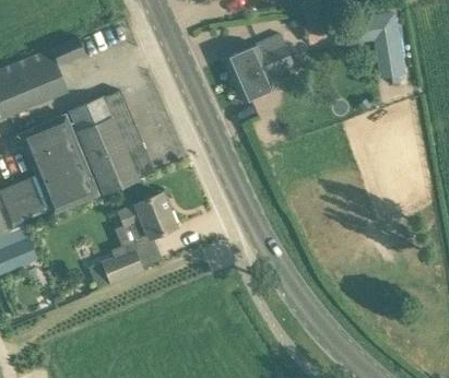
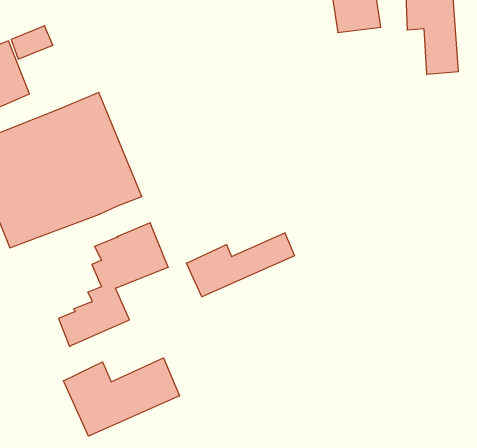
building: [224,34,293,103] -> none
building: none -> [186,233,294,297]
building: none -> [63,358,180,436]

